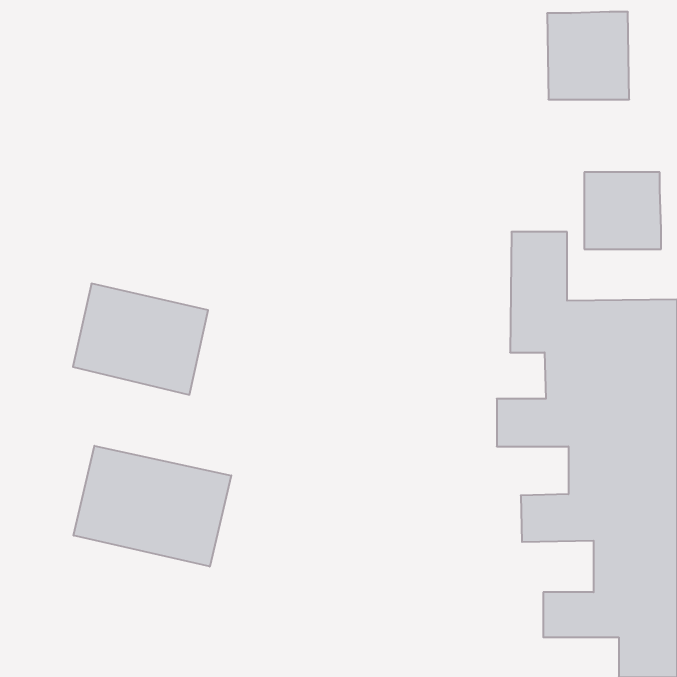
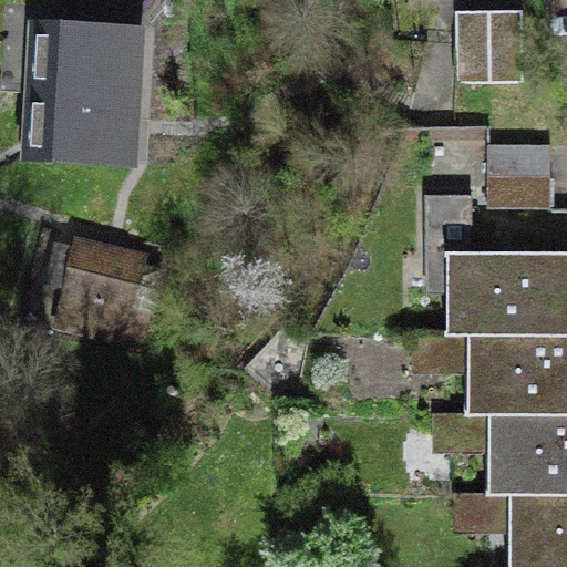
building: none -> [30,13,157,172]
building: [74,446,231,567] -> none

